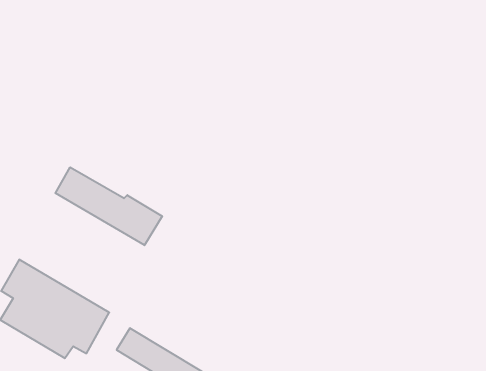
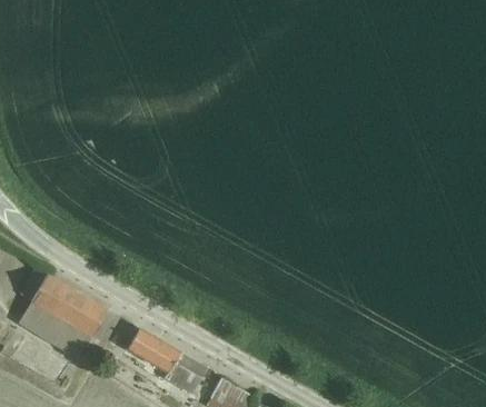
building: [55,167,162,245] -> none

